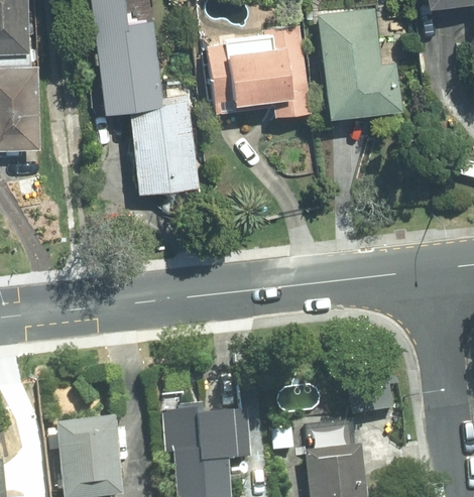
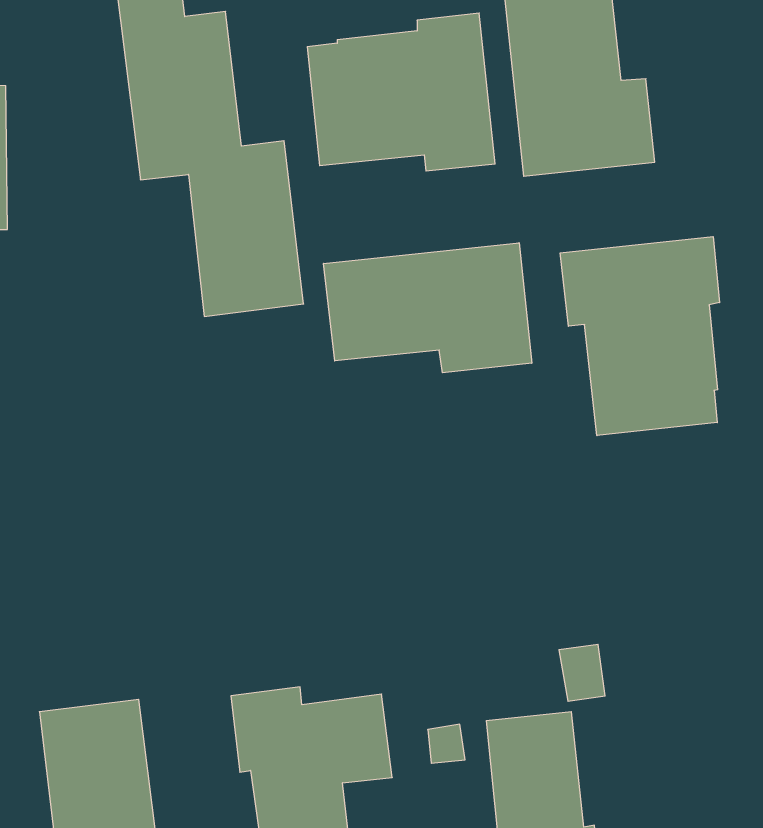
building: none -> [560,237,720,436]
building: none -> [324,243,532,373]

